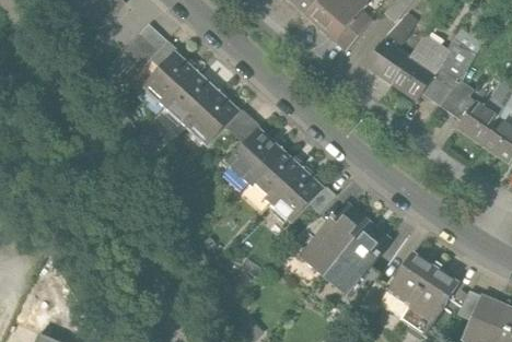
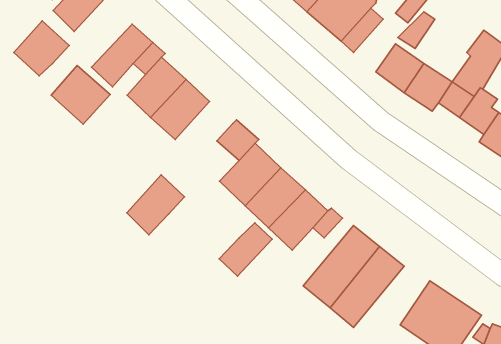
building: none -> [14,21,69,76]
building: [408,34,450,74] -> none
building: none -> [51,66,110,124]
building: [187,92,238,145] -> [127,175,185,235]
building: none -> [219,223,272,276]

